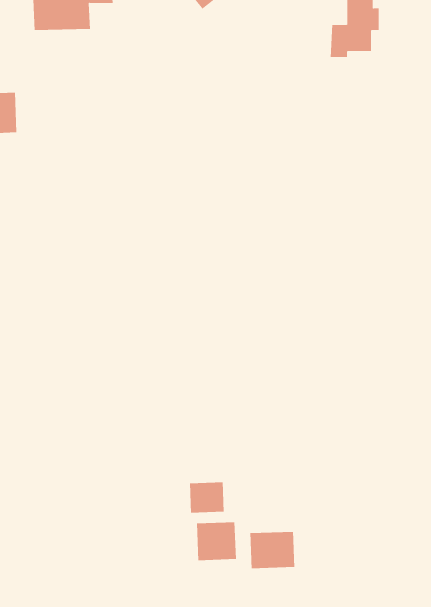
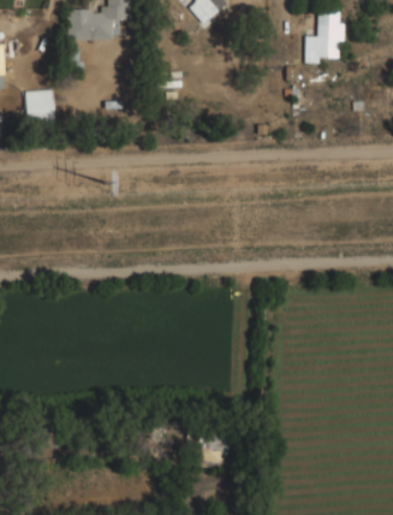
building: [189,482,224,514] -> none
building: [250,531,295,569] -> none

